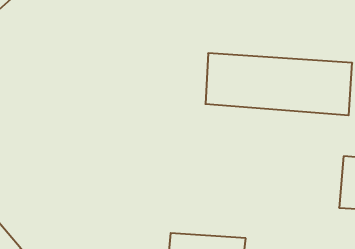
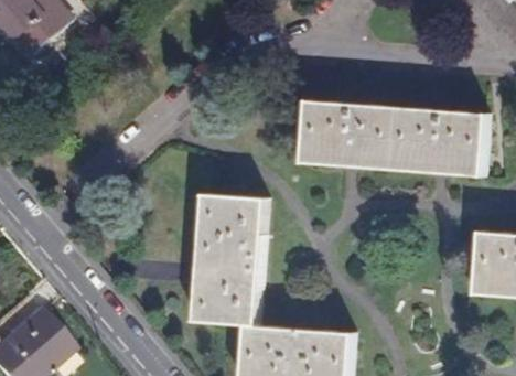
building: none -> [194,196,268,326]

